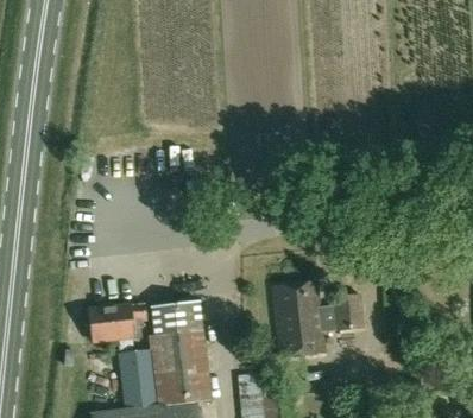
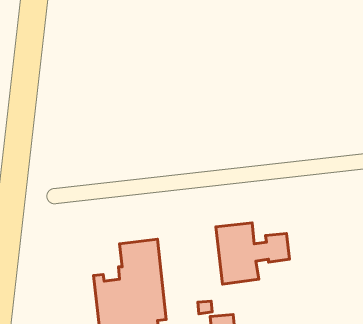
building: [89,303,146,347] -> none

